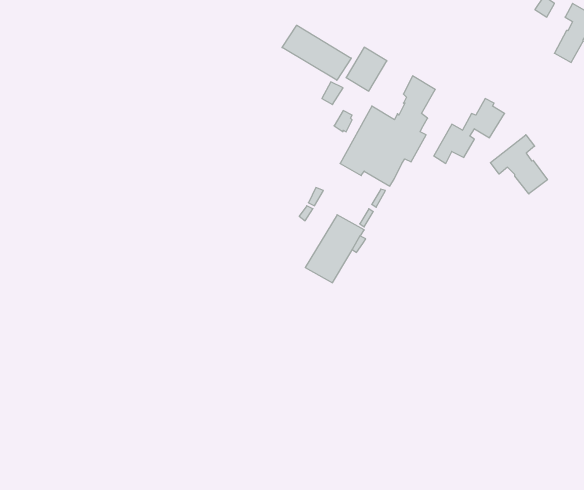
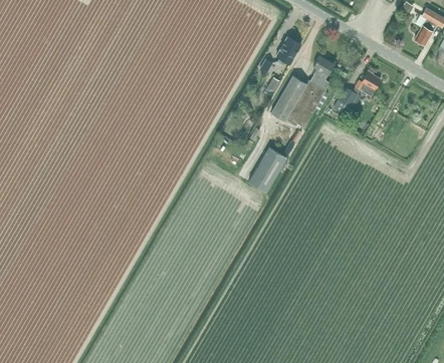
building: [282,25,351,80] -> none
building: [490,135,547,194] -> none

